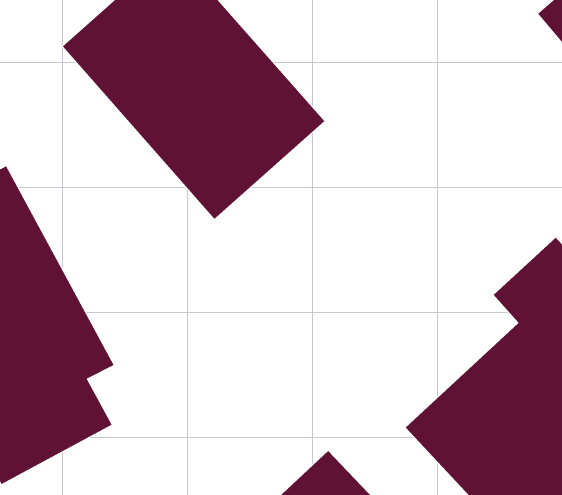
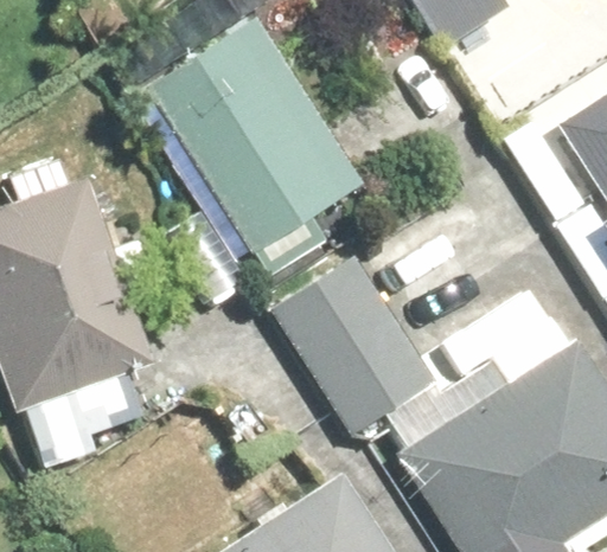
building: none -> [270,253,441,437]

